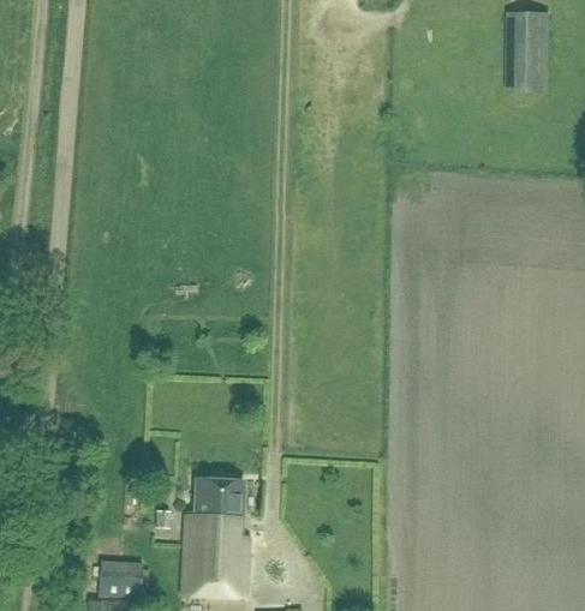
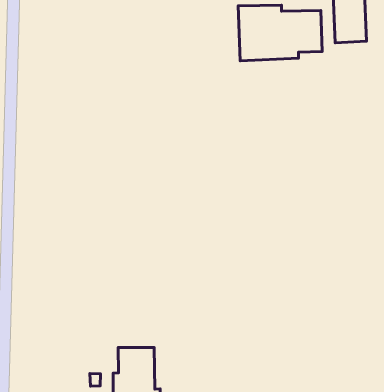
building: none -> [238,5,322,61]

